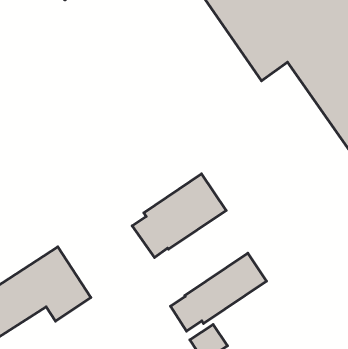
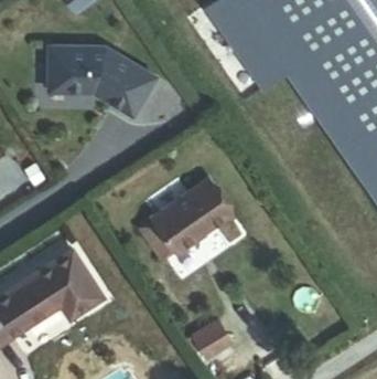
building: none -> [53,49,159,118]
building: [170,253,267,331] -> none

